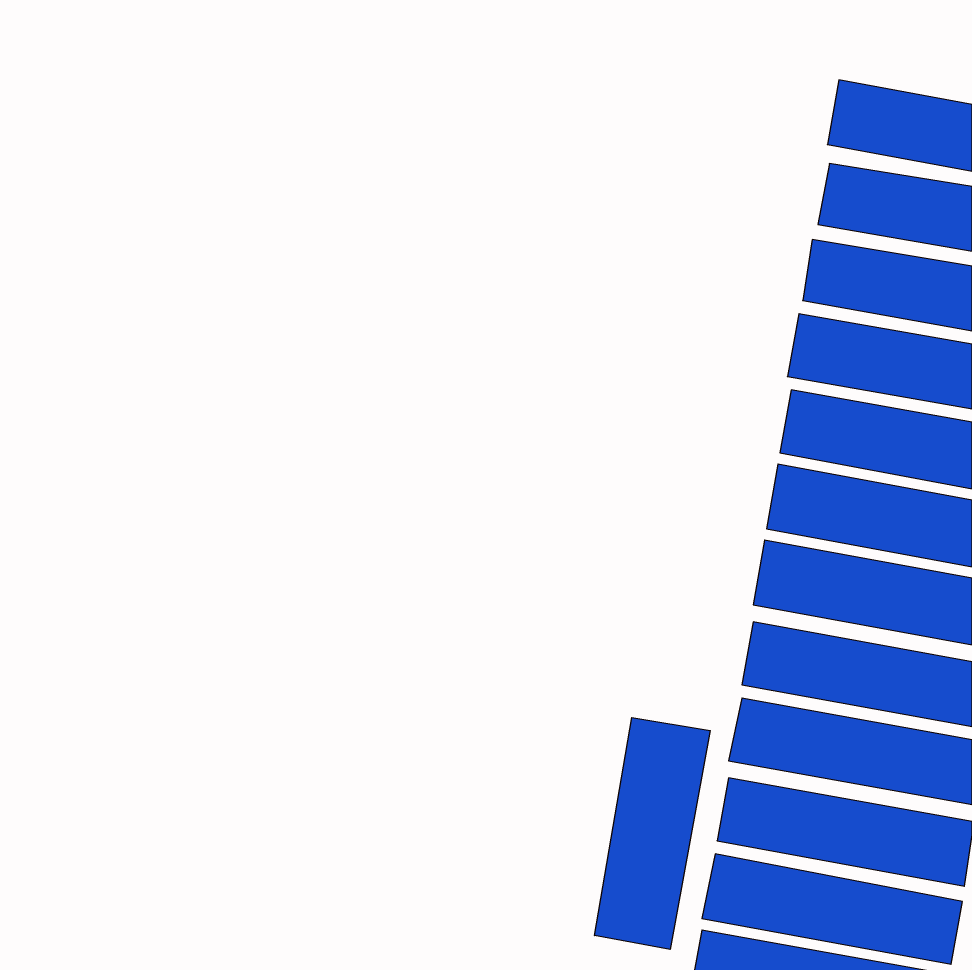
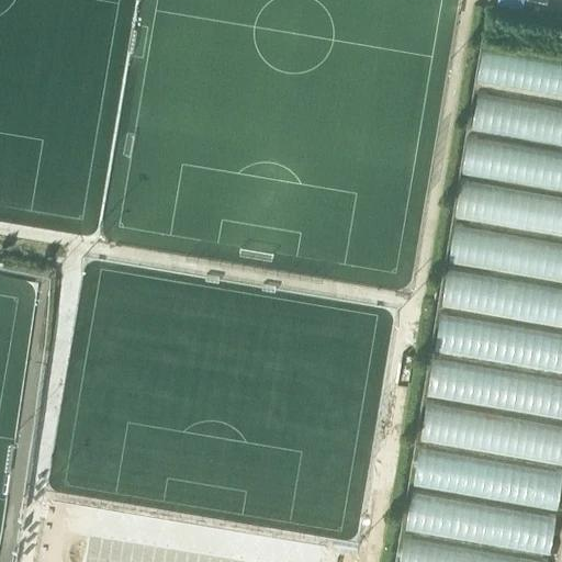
building: [595,718,710,949] -> none

